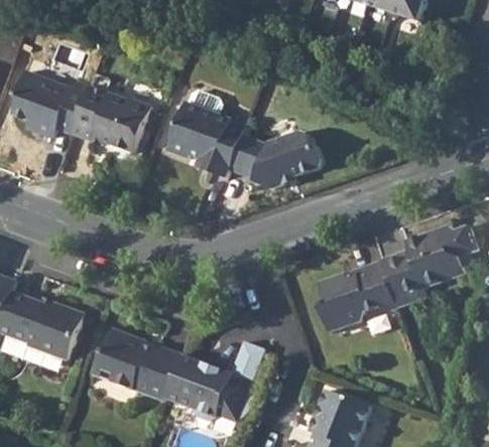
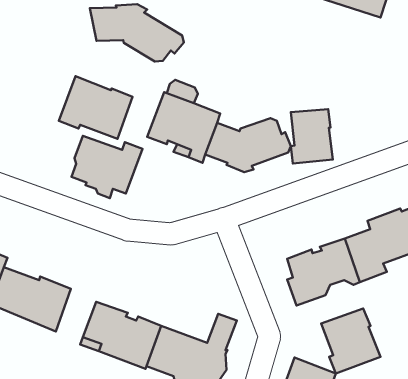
building: none -> [90,4,184,61]
building: [12,70,89,138] -> [72,136,143,198]
building: none -> [291,109,333,164]
building: none -> [321,309,381,373]

